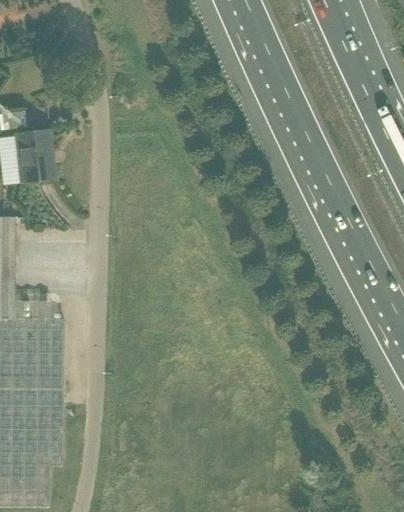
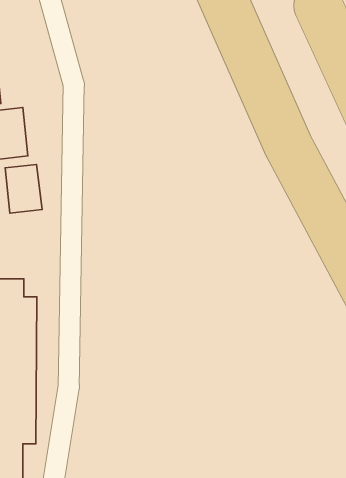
building: none -> [5,164,42,213]

